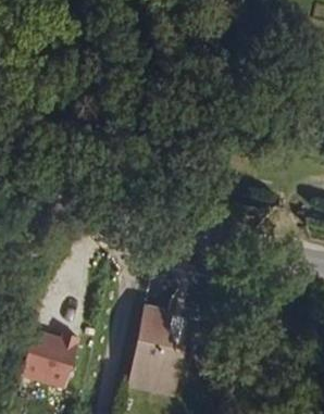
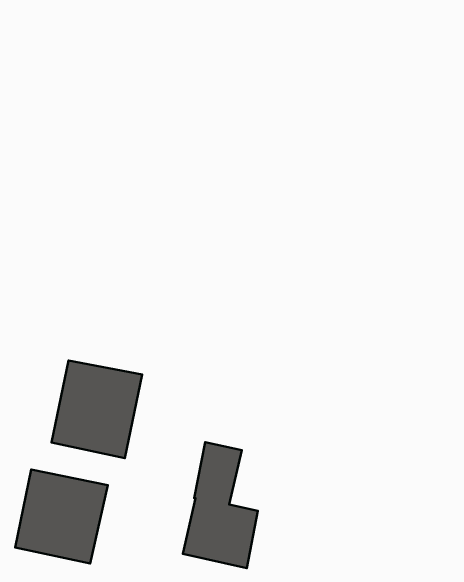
building: none -> [52,360,142,458]

